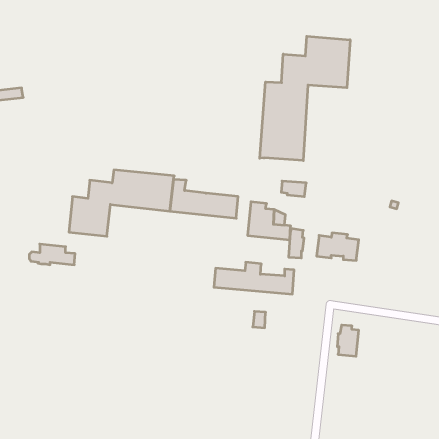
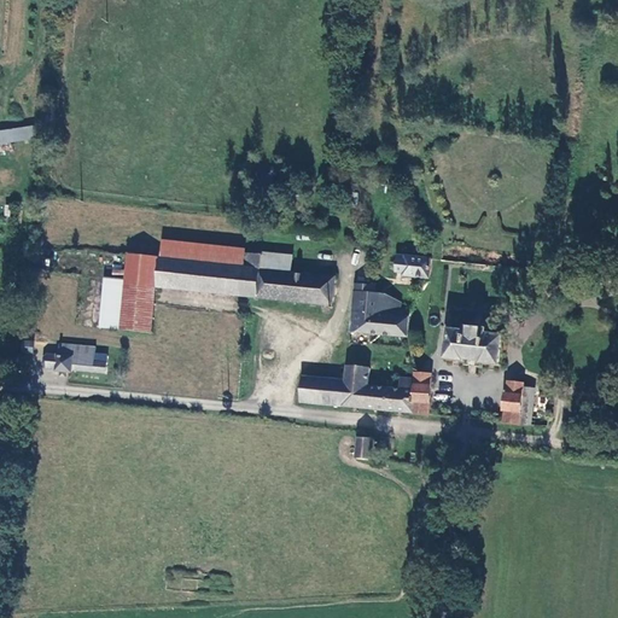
building: [260,36,350,161] -> none
building: none -> [258,250,291,270]
building: [289,229,304,258] -> [409,372,431,413]
building: [337,325,359,356] -> [501,380,531,424]

